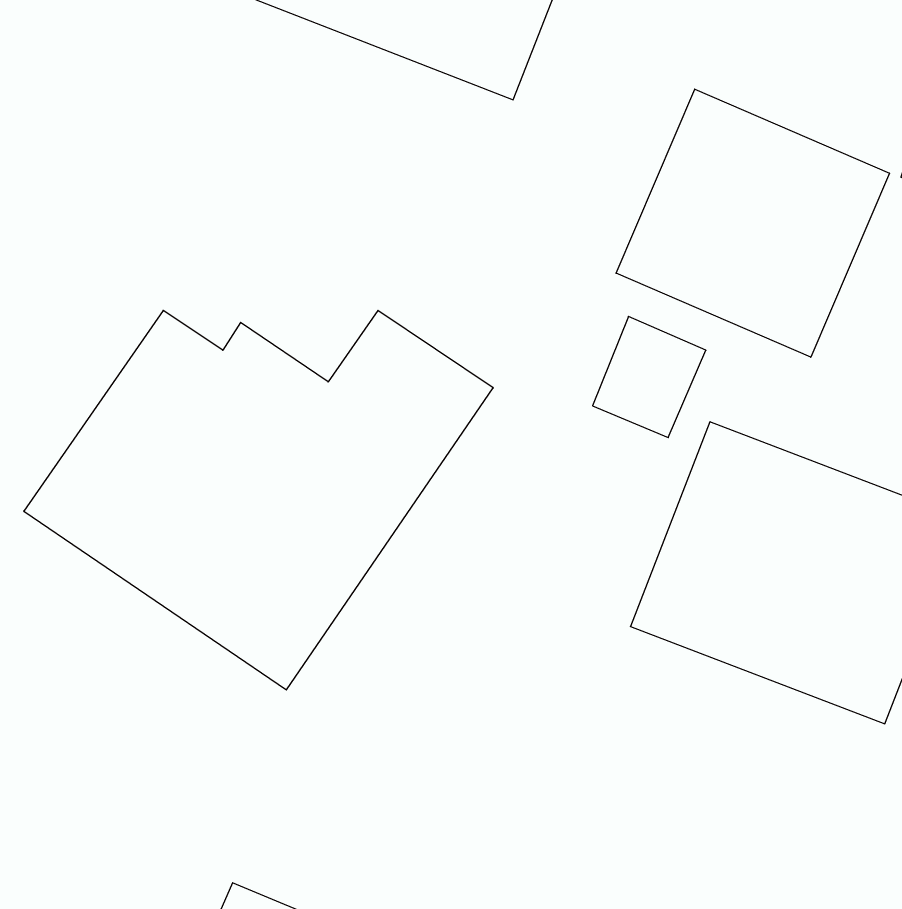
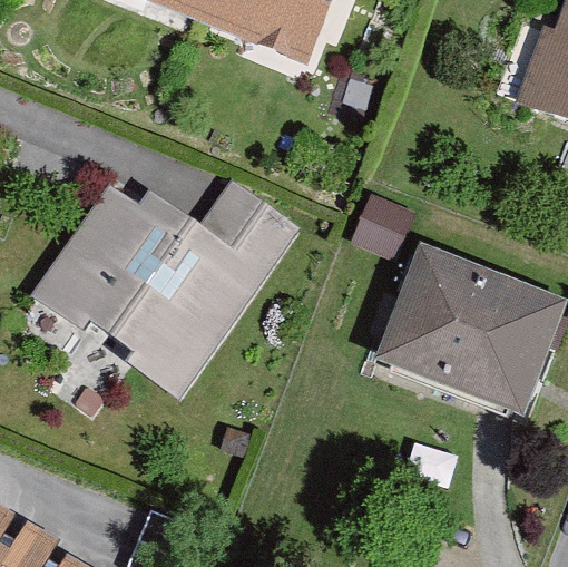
building: [616,89,889,357] -> none

